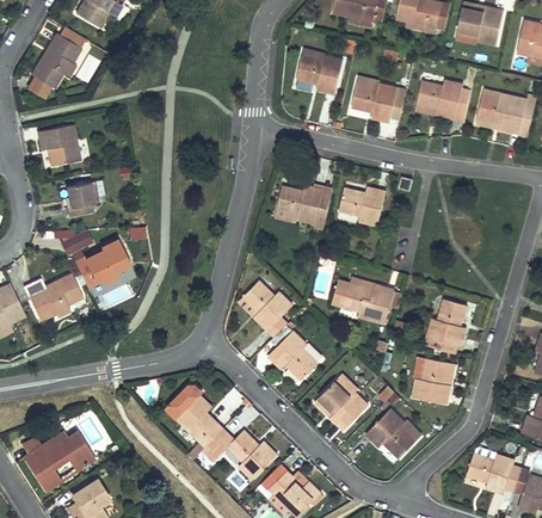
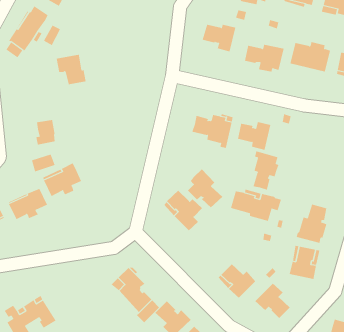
building: [37,125,79,167] -> [56,54,87,85]
building: none -> [253,151,279,191]
building: [267,323,316,377] -> [187,169,223,208]

